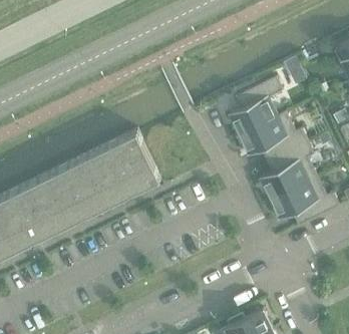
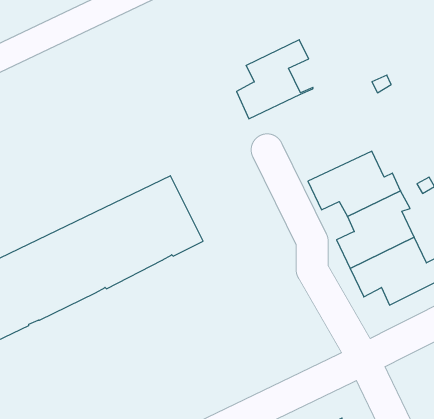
building: [228,78,284,136] -> [237,40,313,119]

